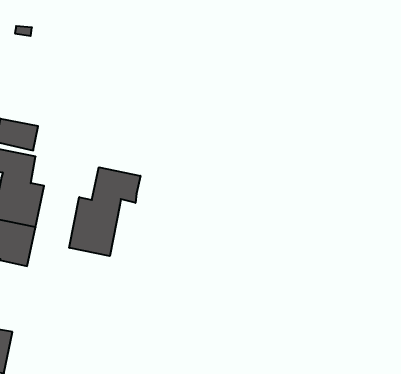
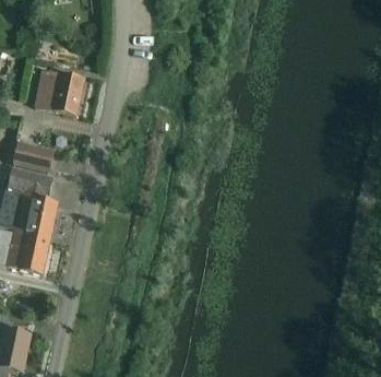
building: none -> [34,69,84,114]
building: [69,167,140,256] -> none

